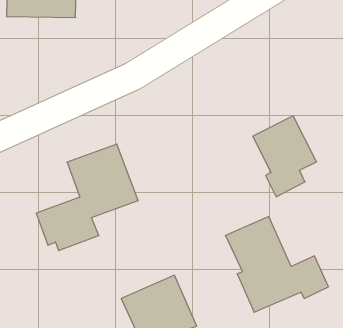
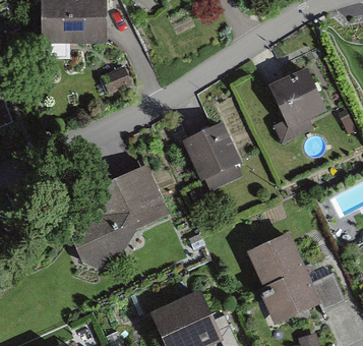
building: none -> [181,119,241,181]
building: [253,116,317,197] -> [266,65,327,142]

